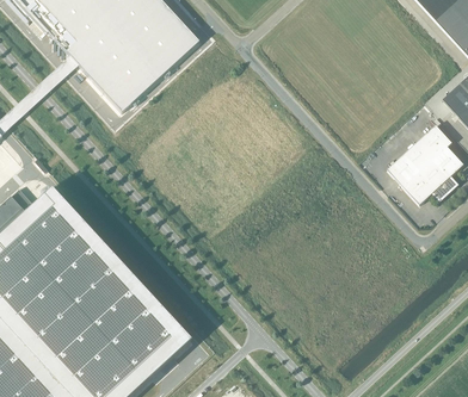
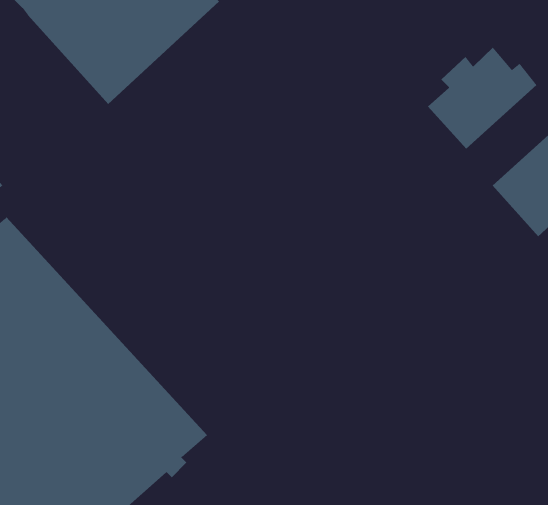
building: none -> [427,47,537,149]

